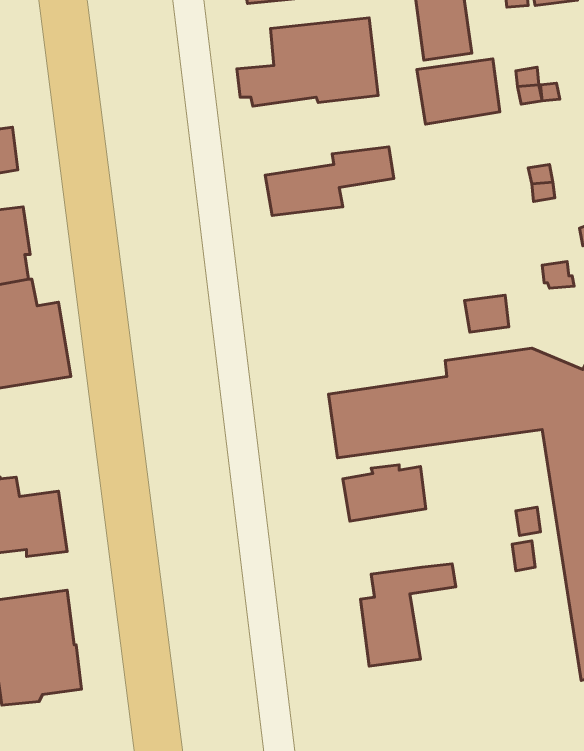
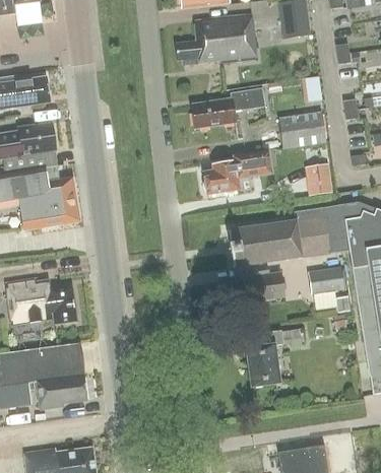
building: [417,59,500,124] -> [278,111,326,148]
building: none -> [203,148,274,193]
building: none -> [309,266,345,293]

